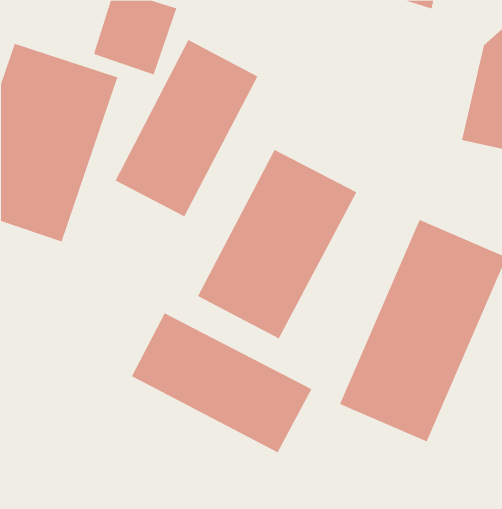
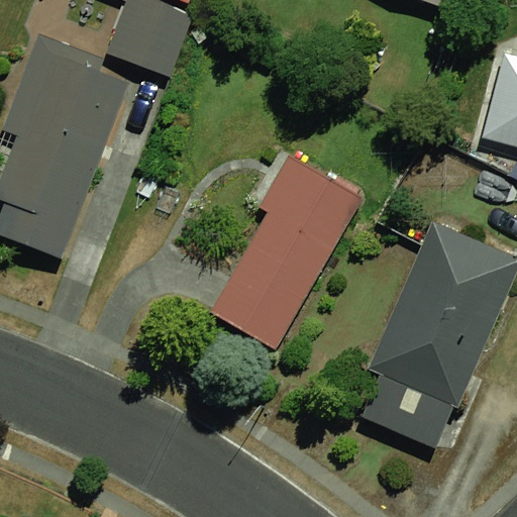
building: [115,39,258,217] -> none
building: [131,312,312,453] -> none

